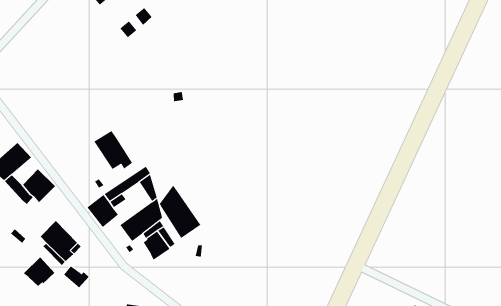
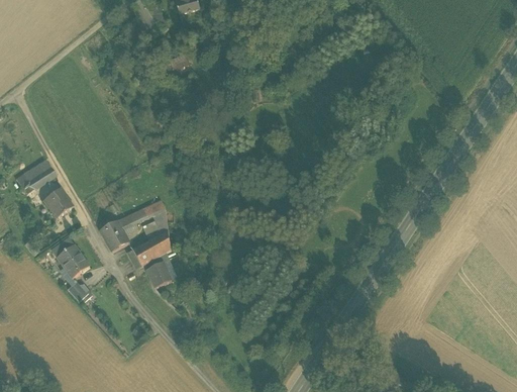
building: [93,130,133,170] -> none
building: [159,185,201,239] -> none
building: [23,257,55,287] -> none

